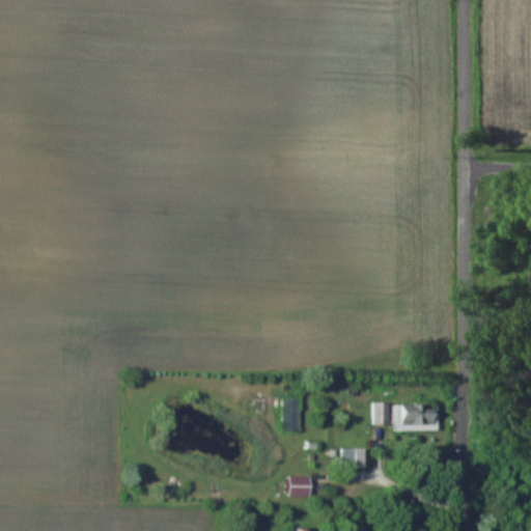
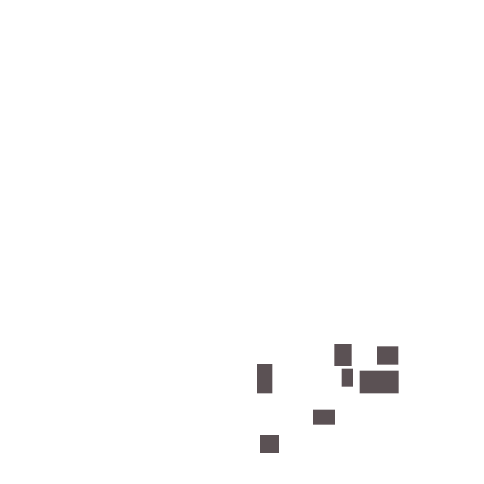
building: none -> [334,343,352,367]
building: none -> [376,345,399,366]

